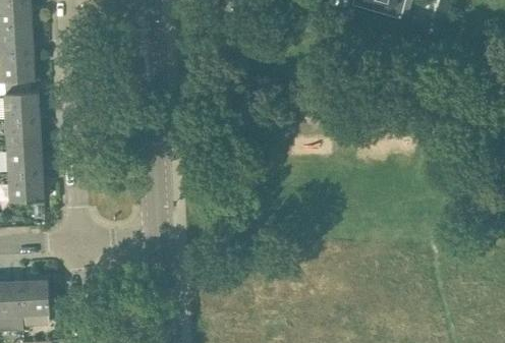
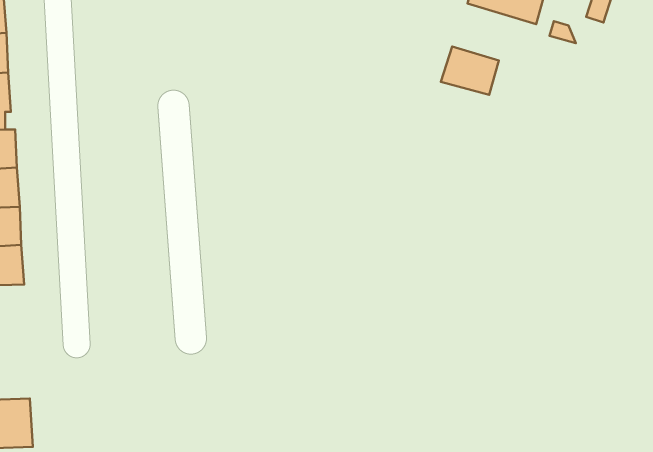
building: none -> [441,46,499,95]

